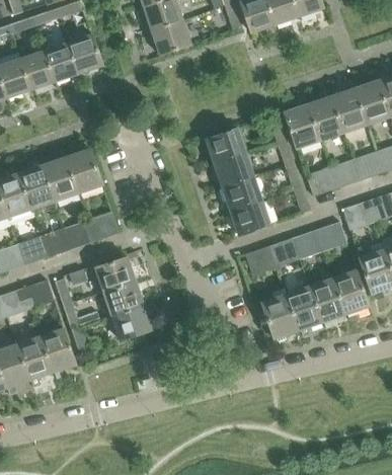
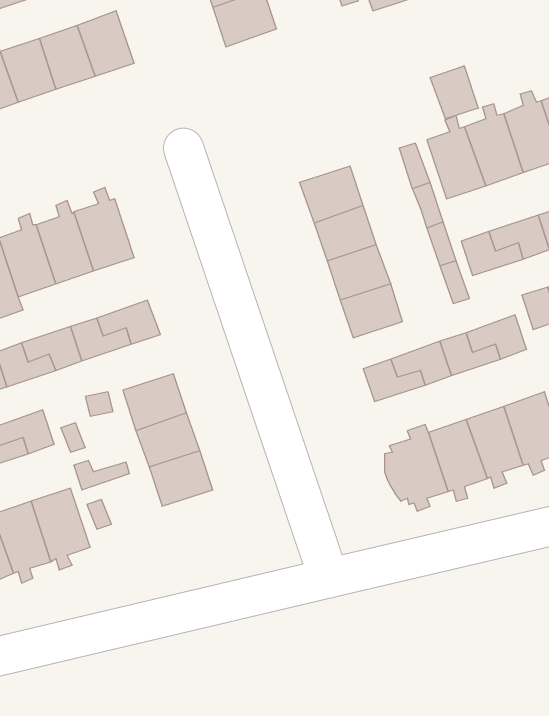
building: none -> [430,66,478,119]

